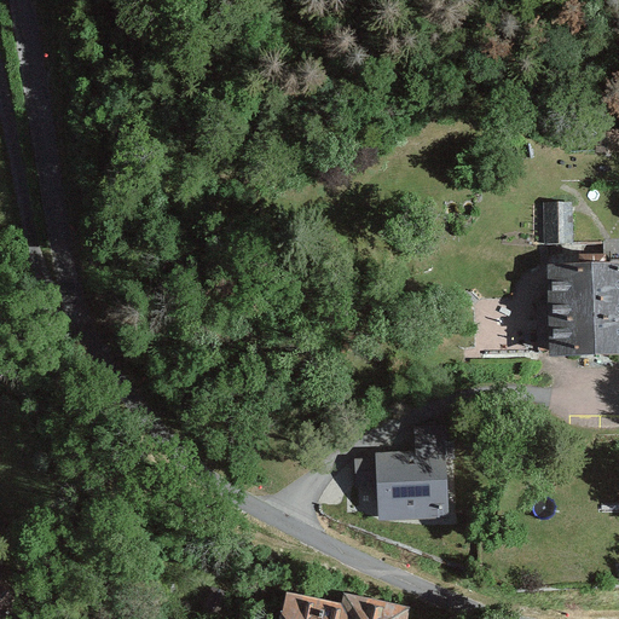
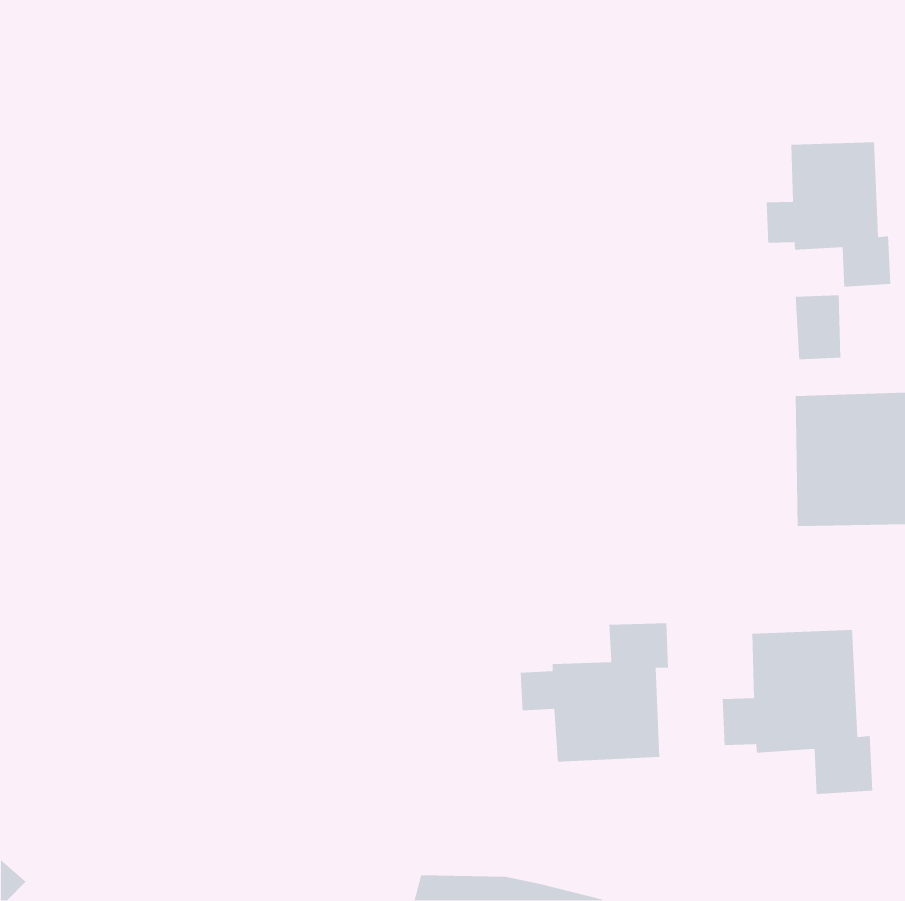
building: none -> [766,142,891,287]
building: none -> [722,629,873,795]

